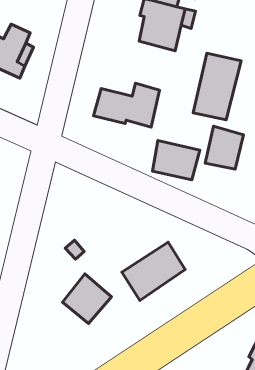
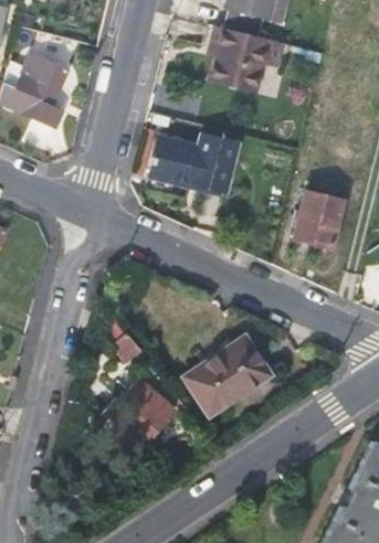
building: [193,53,241,120] -> none
building: [153,141,200,180] -> none

